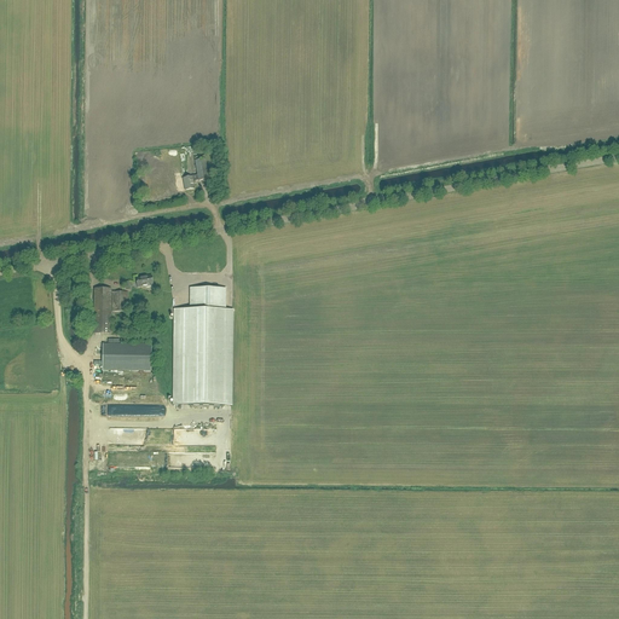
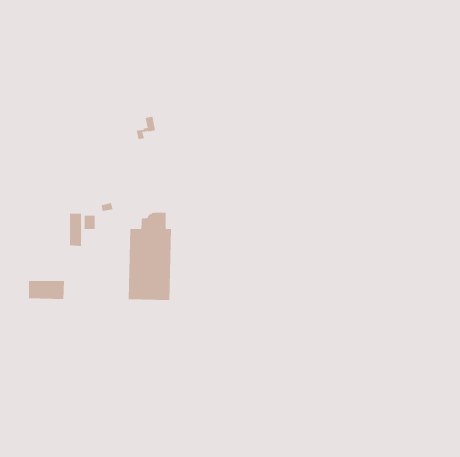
building: [102,342,151,368] -> [28,281,65,300]

